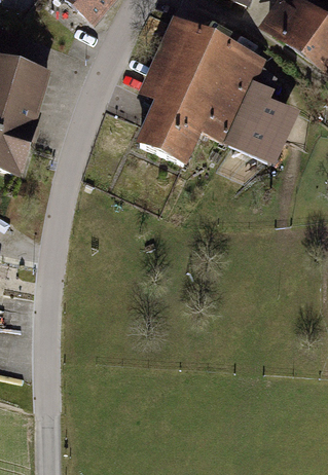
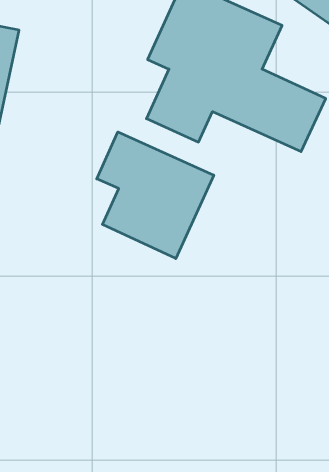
building: none -> [97,132,214,259]

